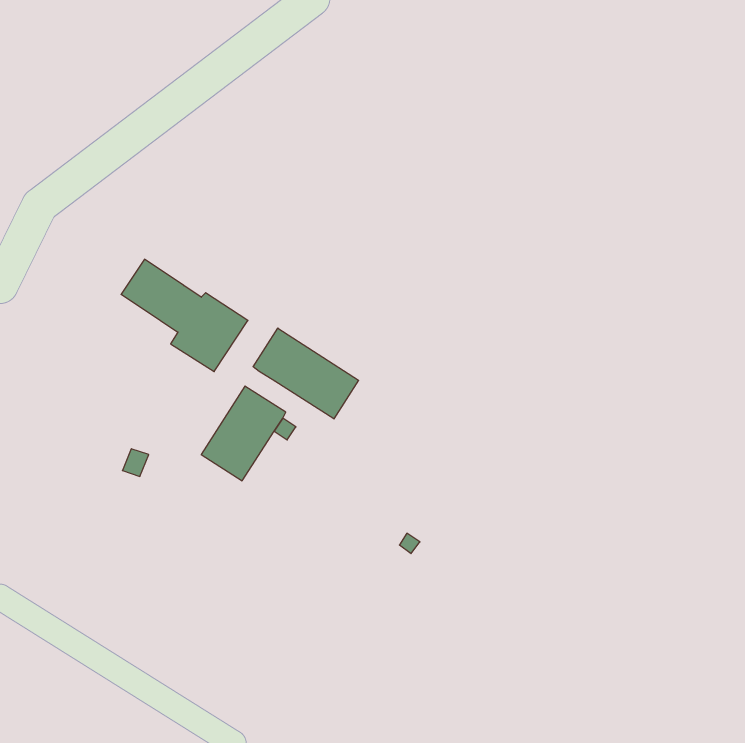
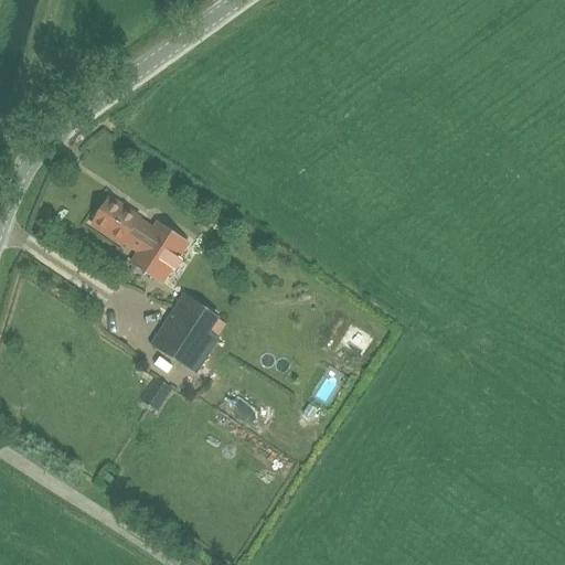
building: [253,328,359,419] -> none

